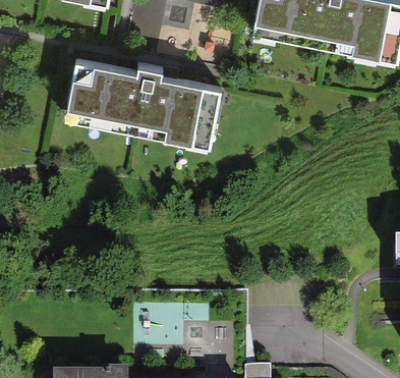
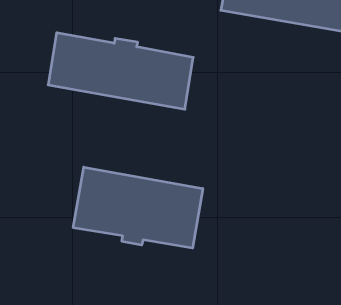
building: none -> [73,167,203,248]

